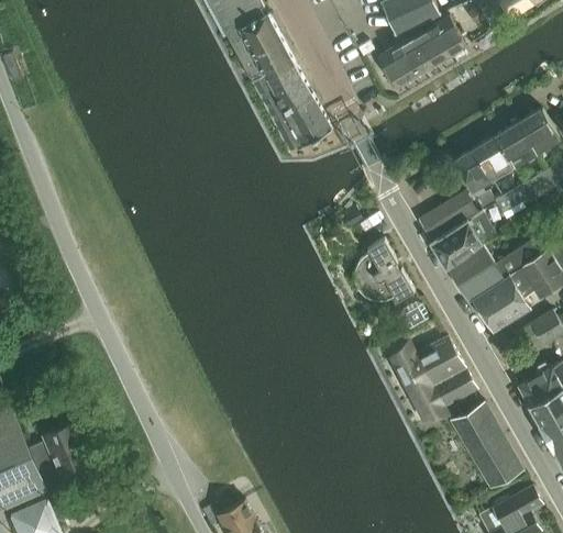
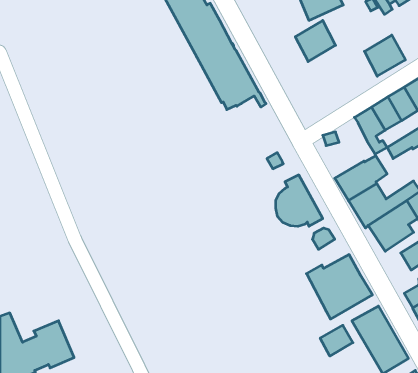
building: [415,16,467,69] -> [364,35,405,76]
building: [420,192,476,236] -> none
building: none -> [320,325,353,356]

